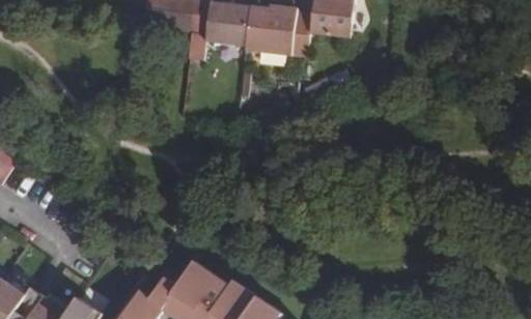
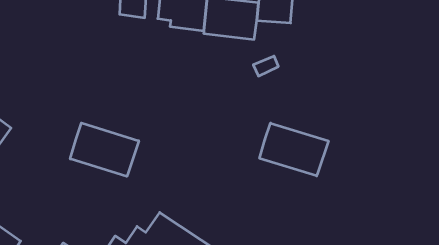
building: none -> [70,123,139,176]
building: none -> [260,123,328,176]

